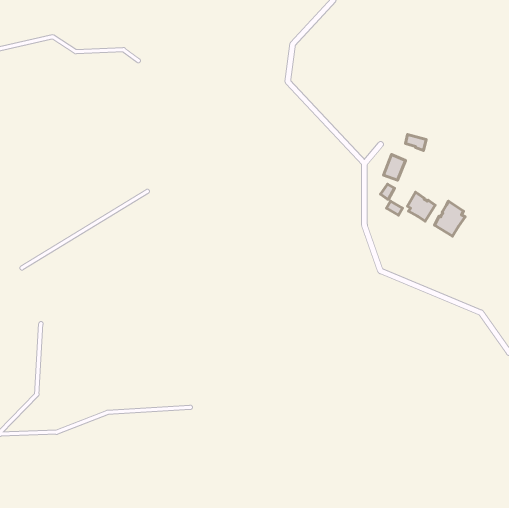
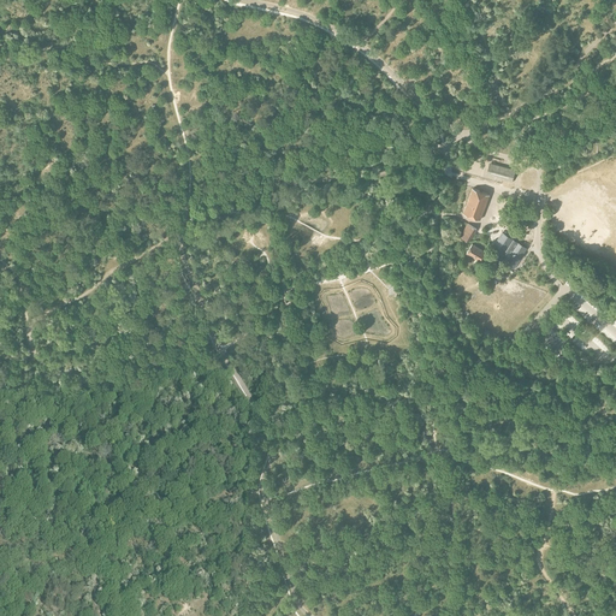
building: [435,201,465,236] -> none

